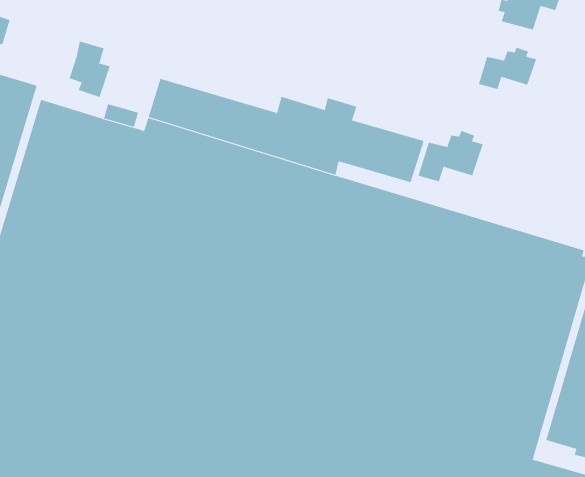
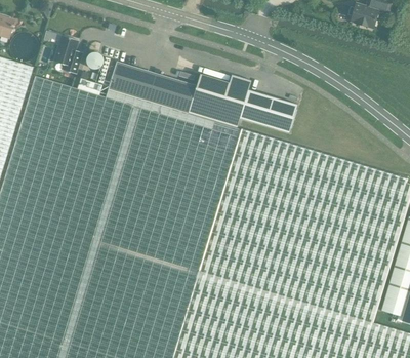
building: [478,47,537,90] -> none
building: [418,130,484,182] -> none

